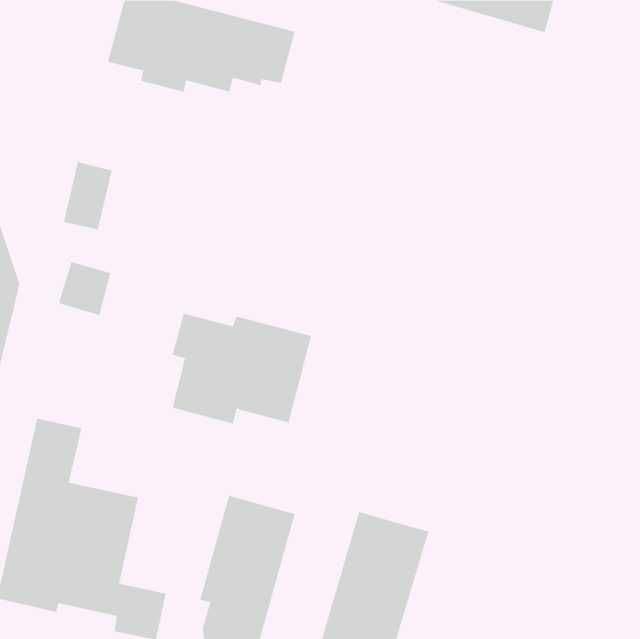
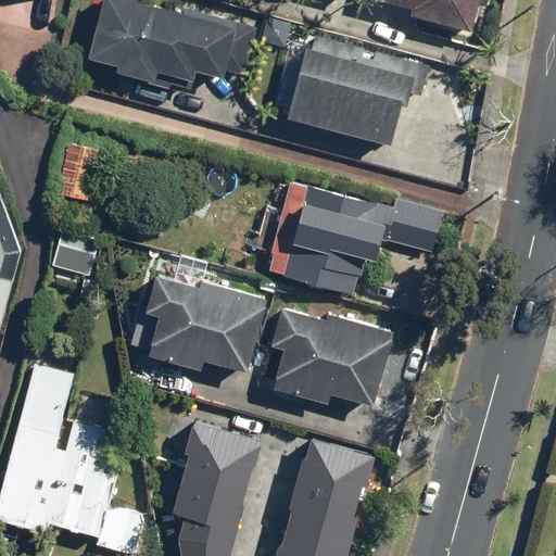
building: none -> [292,40,427,147]
building: none -> [269,181,439,293]
building: none -> [271,306,394,404]

